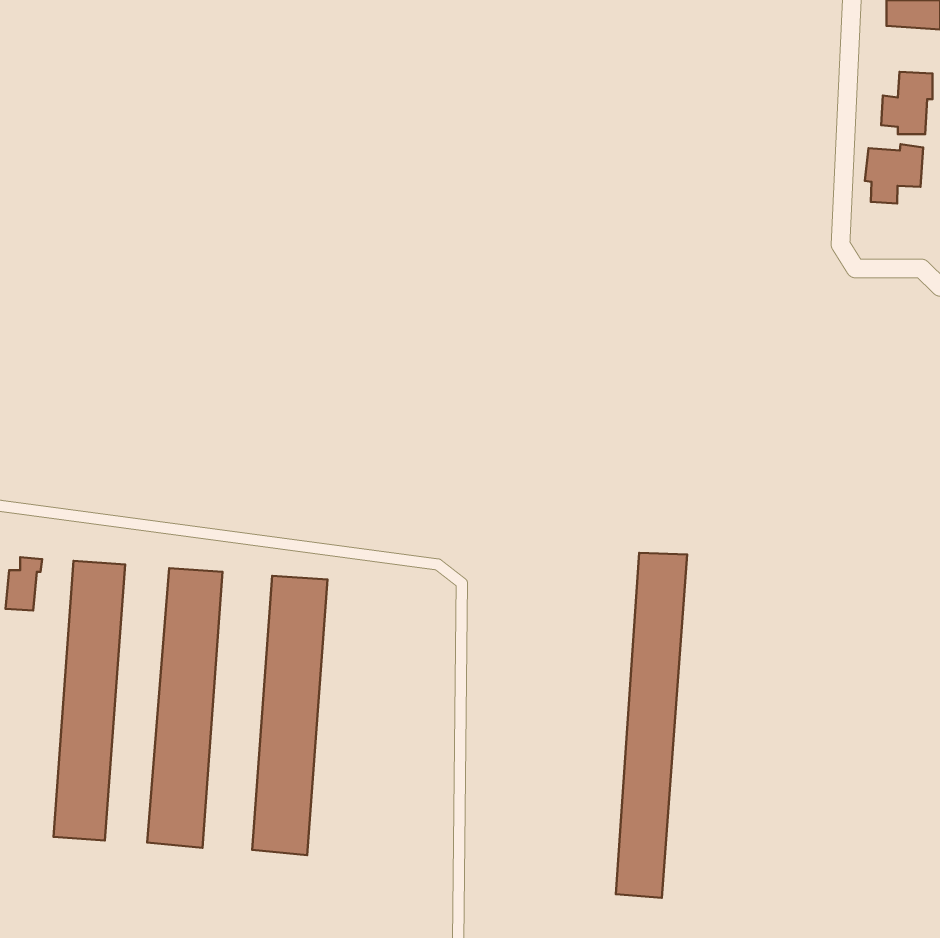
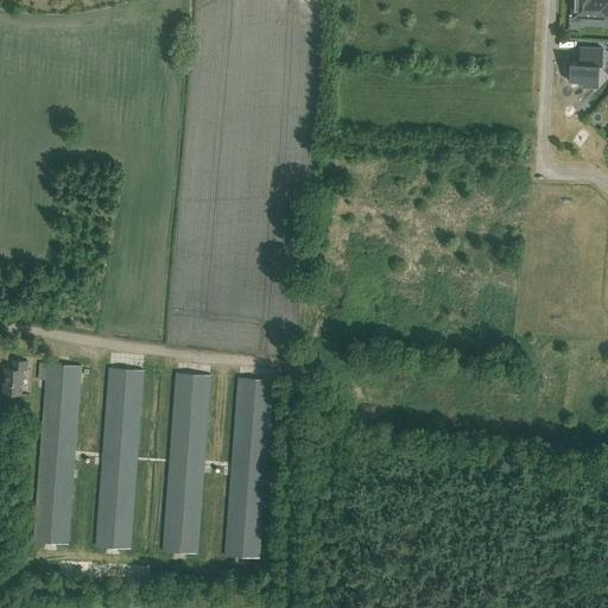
building: [865,144,923,203] -> none
building: [616,553,687,898] -> none
building: none -> [224,378,273,558]

